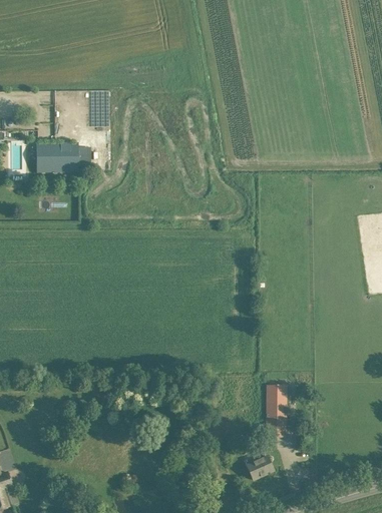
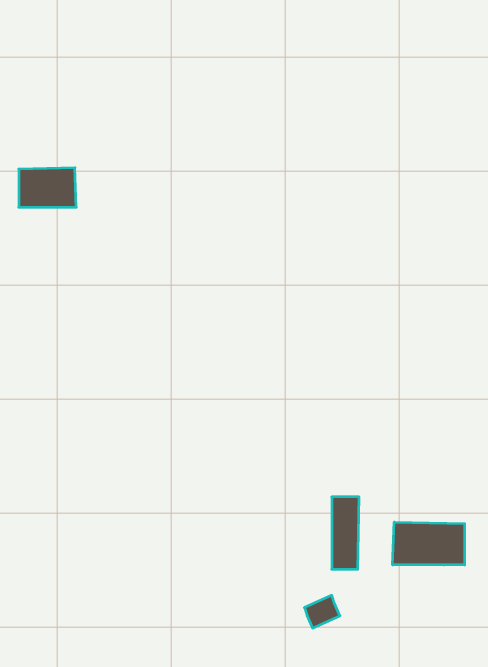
building: none -> [393,522,465,565]

